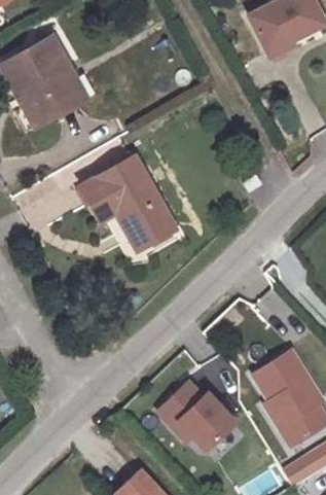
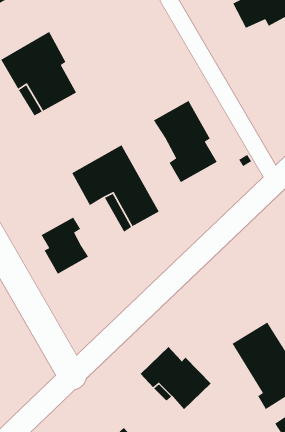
building: none -> [153,100,218,183]
building: none -> [41,216,89,275]

